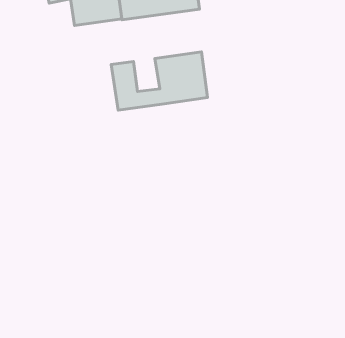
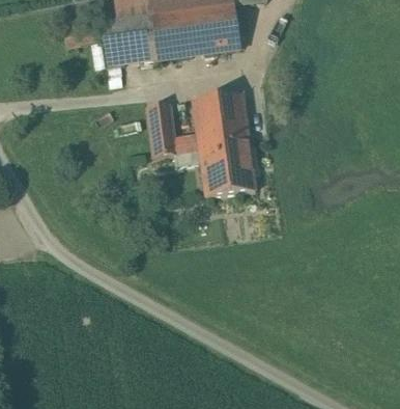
building: none -> [199,140,255,194]

